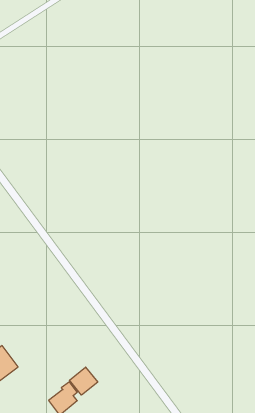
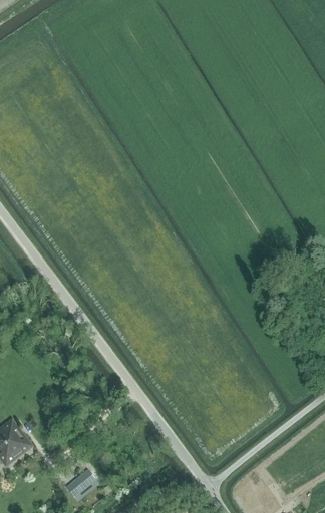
building: [69,367,98,395] -> none

